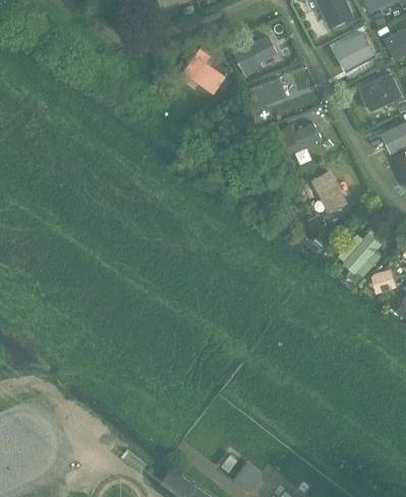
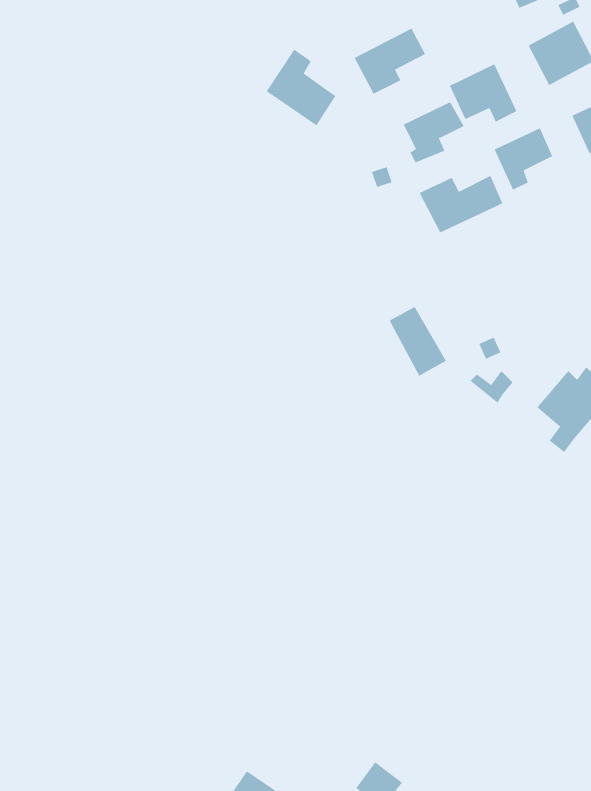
building: none -> [449,64,517,122]
building: none -> [494,127,553,190]
building: [311,172,345,213] -> [389,306,447,377]

